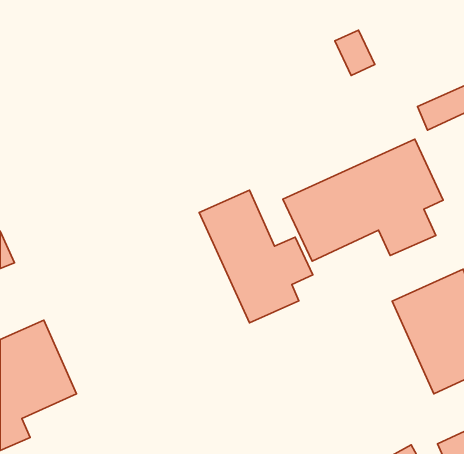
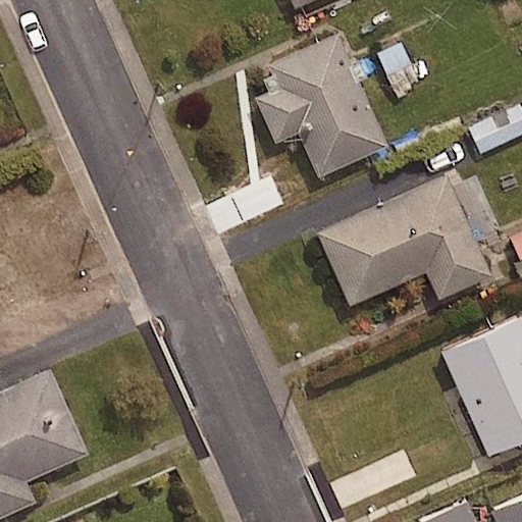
building: none -> [255,36,386,178]
building: [199,190,313,323] -> none

